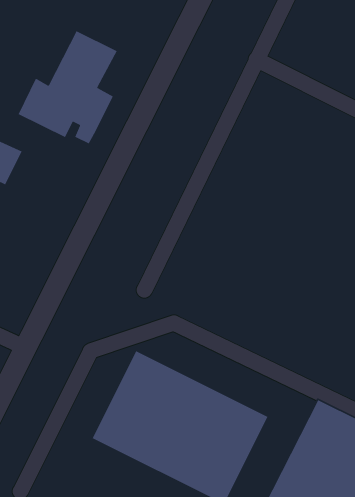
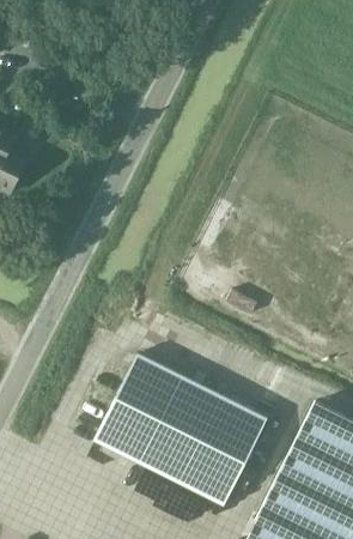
building: [18,30,118,145] -> none

